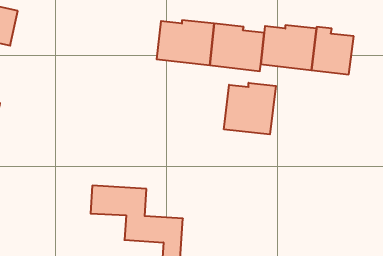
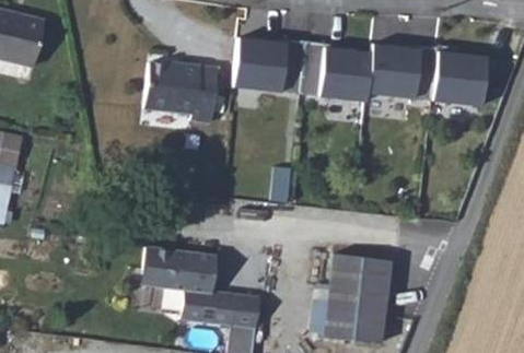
building: none -> [147,66,218,122]
building: [224,83,276,134] -> none
building: none -> [329,245,391,331]

